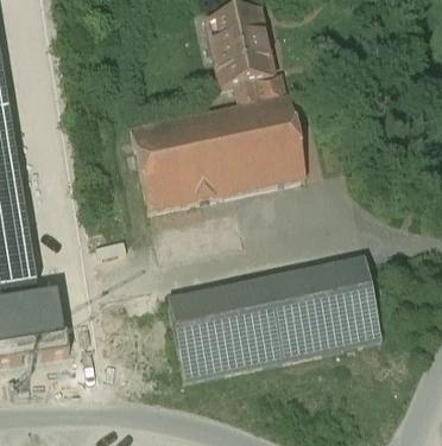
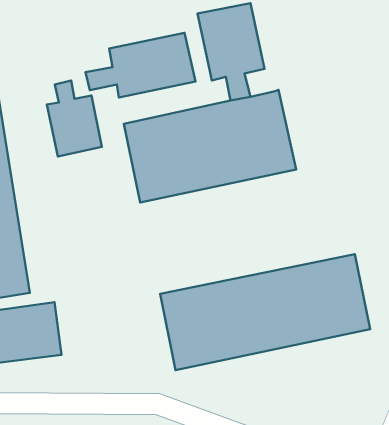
building: none -> [85,33,196,98]
building: none -> [47,80,102,156]

